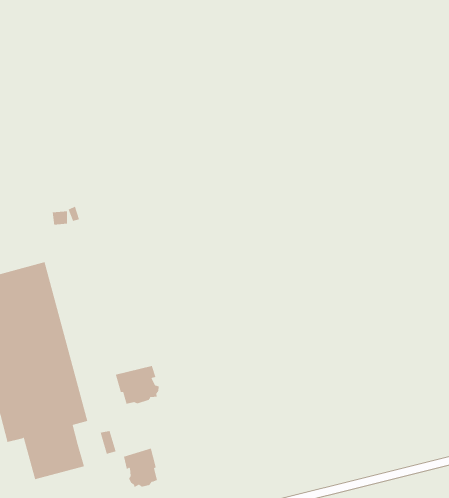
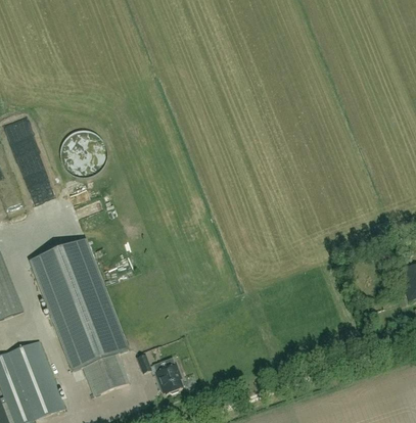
building: [115,365,159,404] -> none

